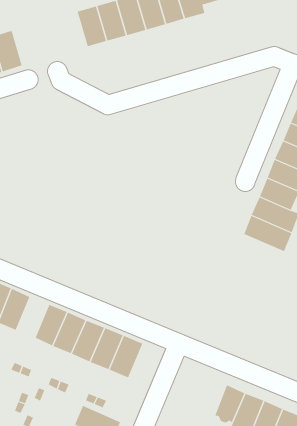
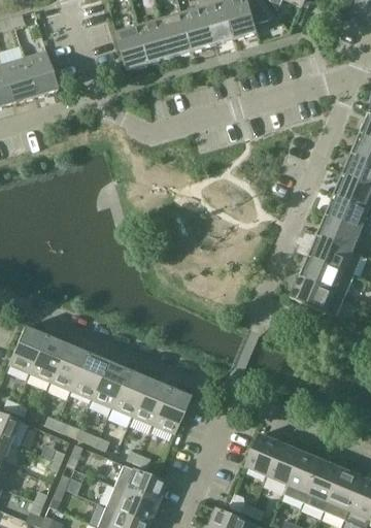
building: none -> [291,275,345,316]
building: none -> [49,344,86,390]
building: none -> [246,433,281,475]

